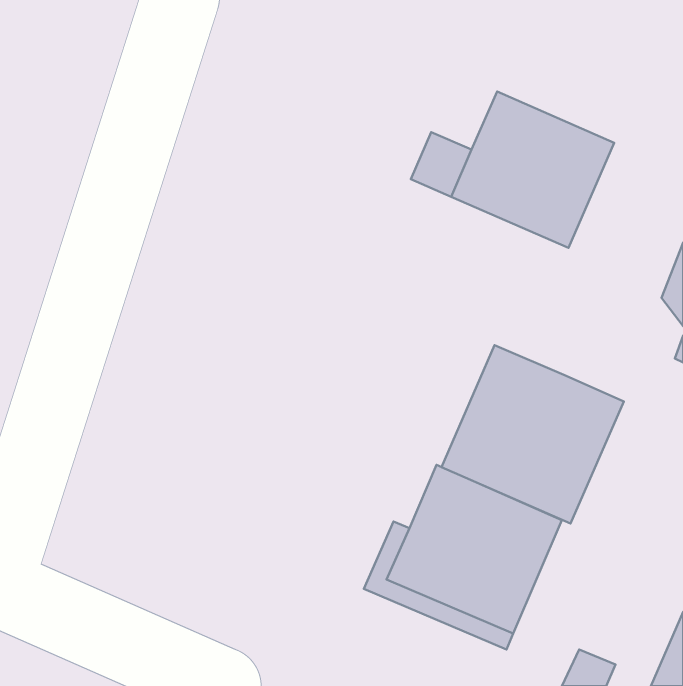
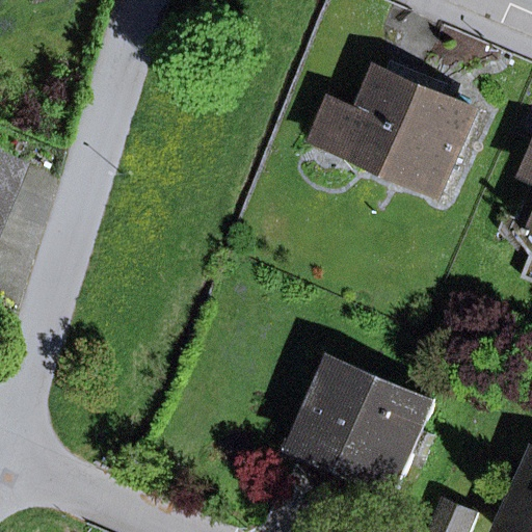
building: [441,345,624,523] -> none

